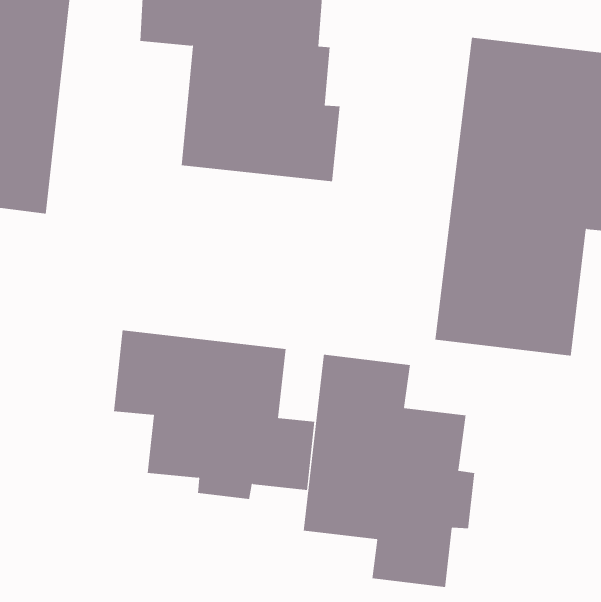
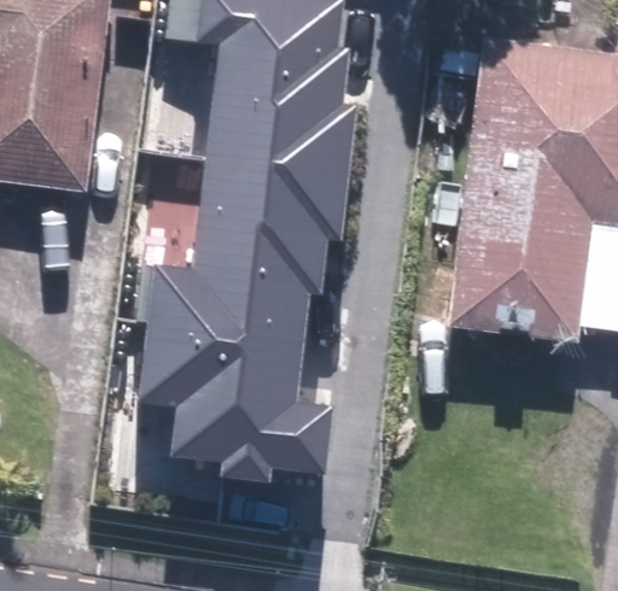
building: none -> [147,160,350,337]
building: [303,354,475,588] -> none

